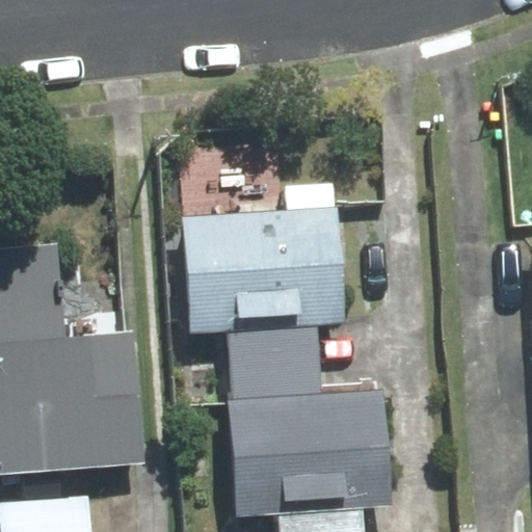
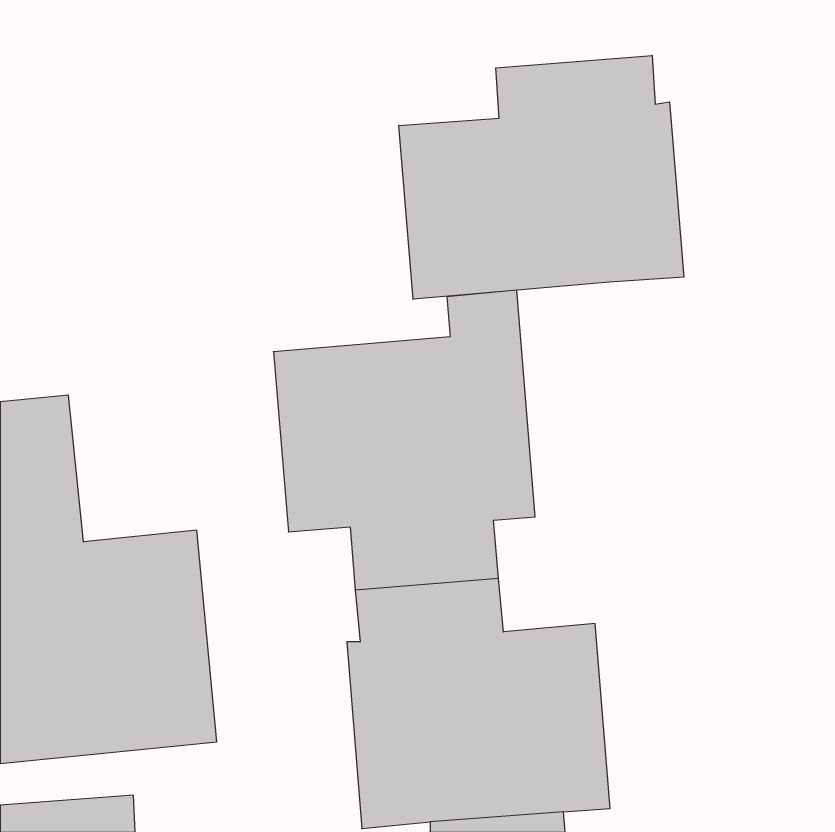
building: none -> [399,55,684,299]

